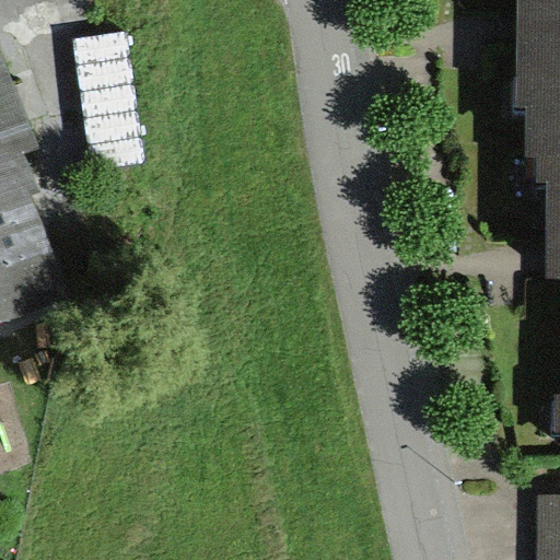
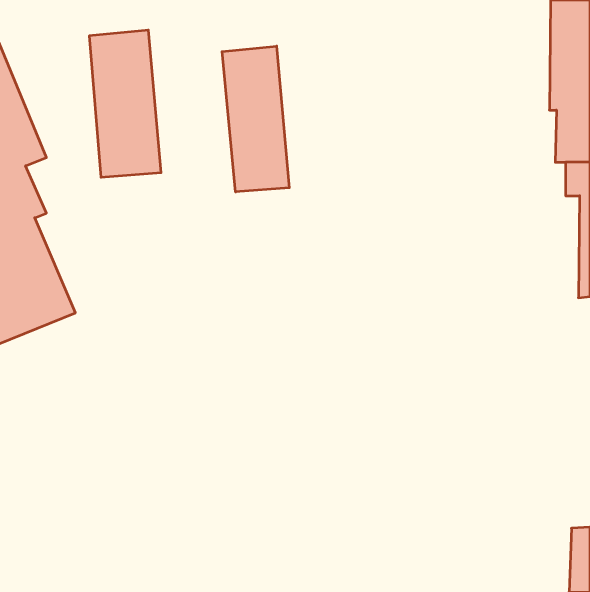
building: none -> [222,46,289,192]

